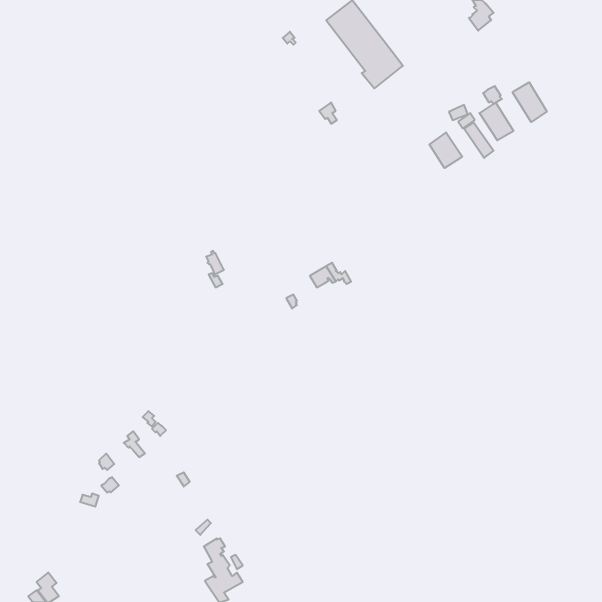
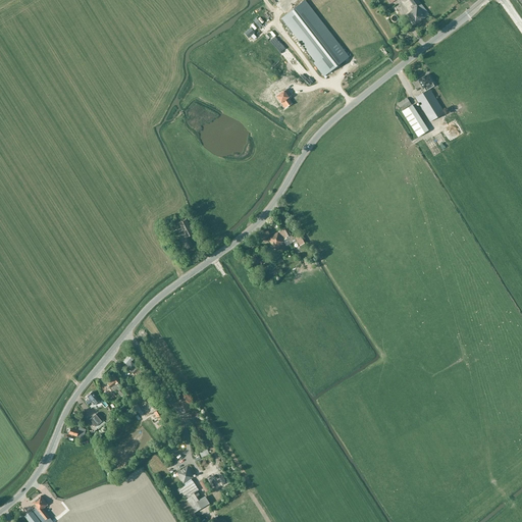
building: [513,82,547,122] -> none
building: [429,132,462,168] -> none

